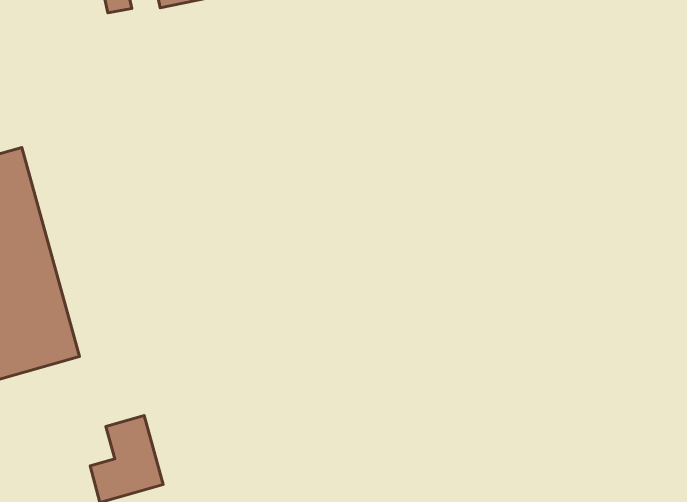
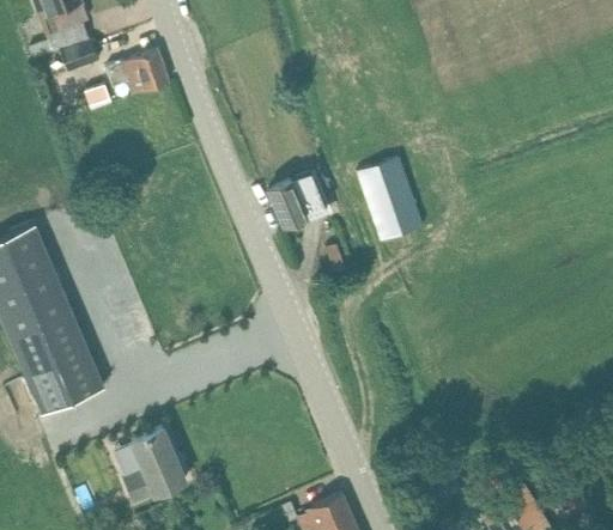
building: none -> [357,159,420,242]
building: none -> [267,170,332,229]

